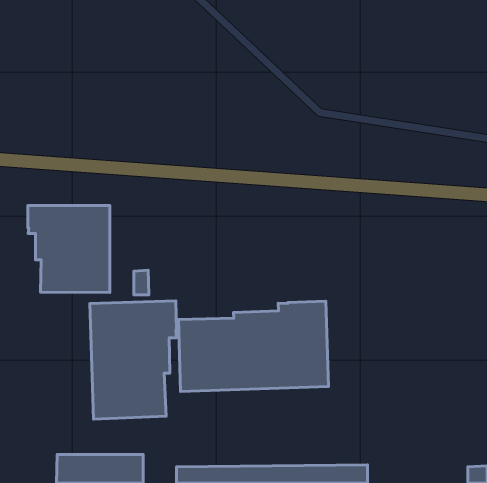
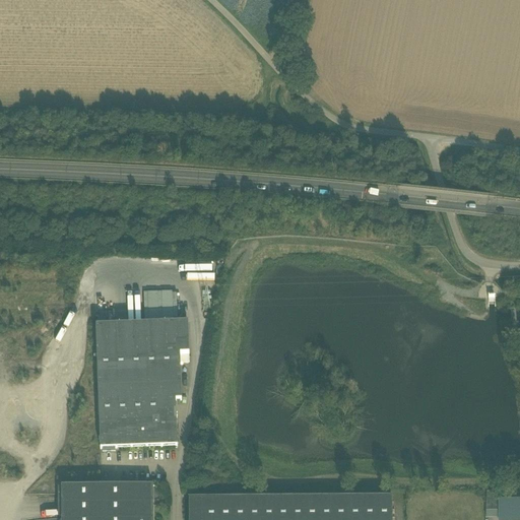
building: [28,206,110,292] -> none
building: [179,301,329,391] -> none

